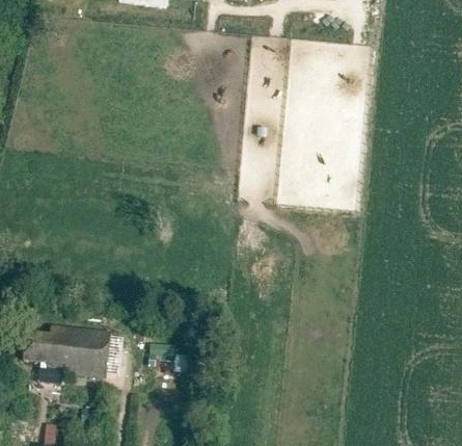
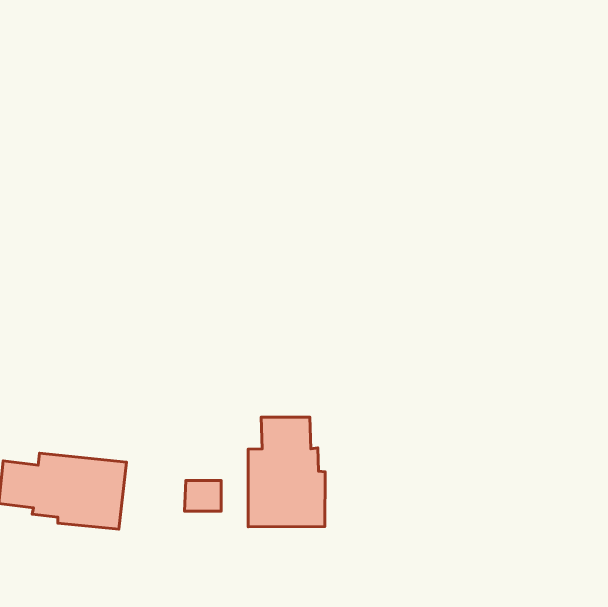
building: none -> [248,417,325,527]

